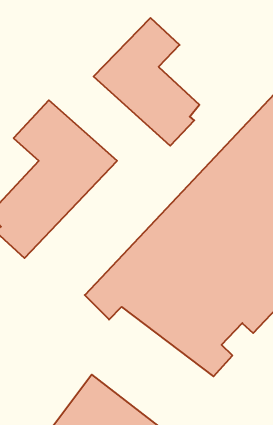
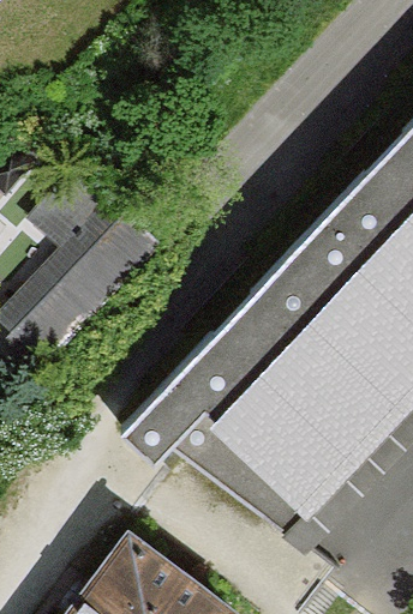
building: [94,18,199,146] -> none

